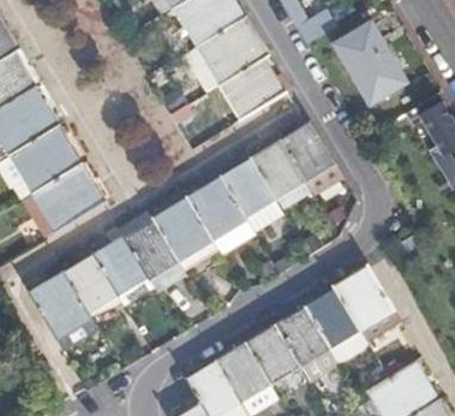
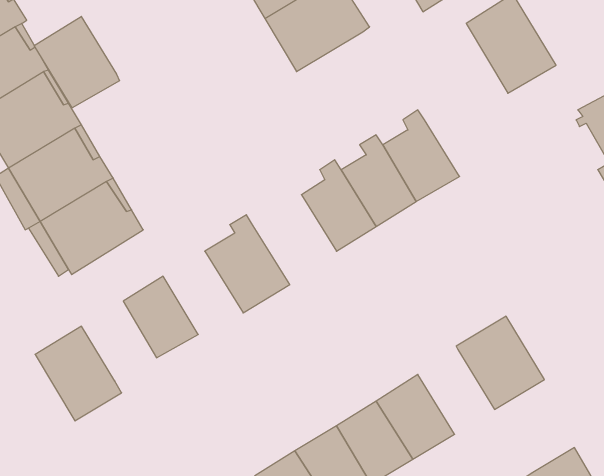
building: none -> [34,16,120,108]
building: [216,59,285,121] -> none
building: [184,170,247,242] -> none
building: [120,218,178,280] -> none
building: [61,246,115,311] -> none
building: [304,289,359,350] -> none

